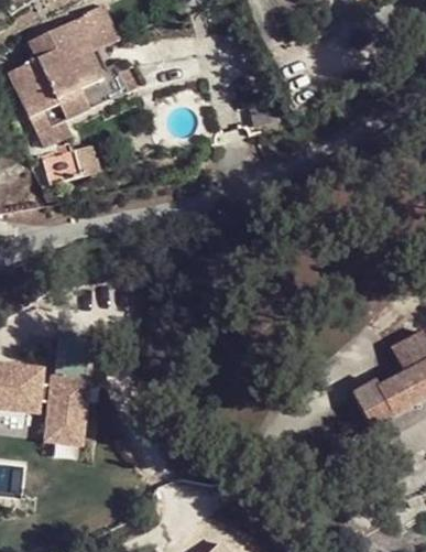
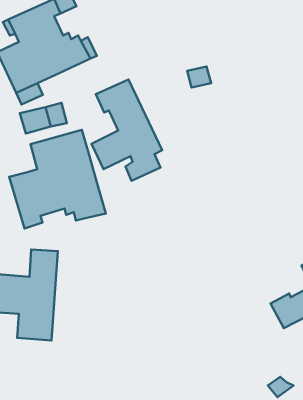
building: none -> [92,79,162,181]
building: none -> [9,130,106,229]

